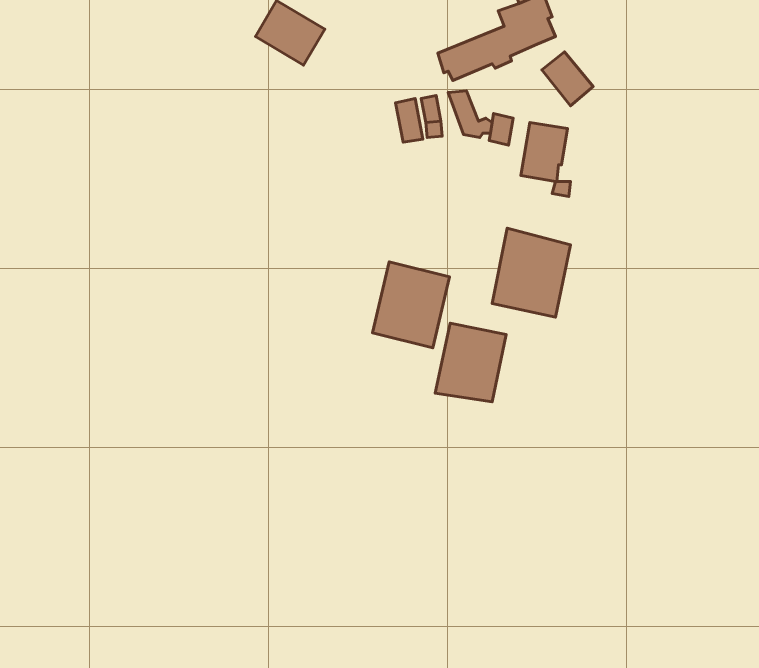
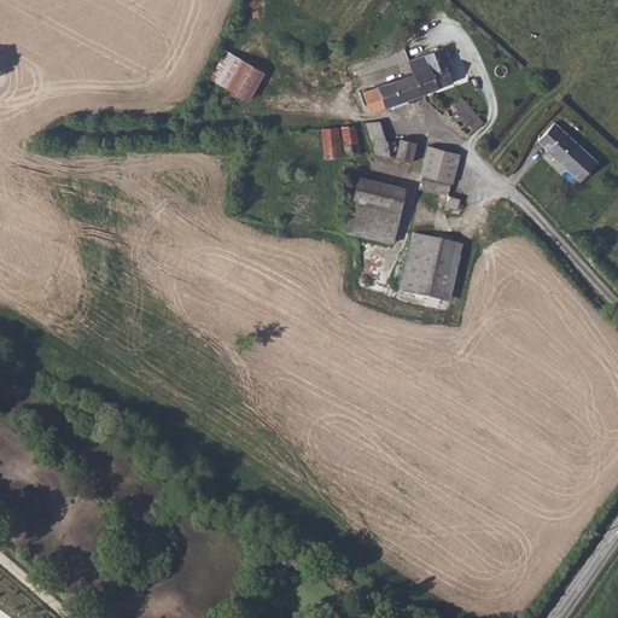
building: none -> [530,115,588,176]
building: [373,262,449,348] -> [346,175,408,244]
building: [435,323,506,402] -> none

